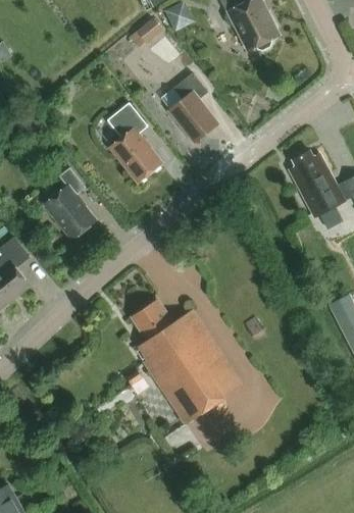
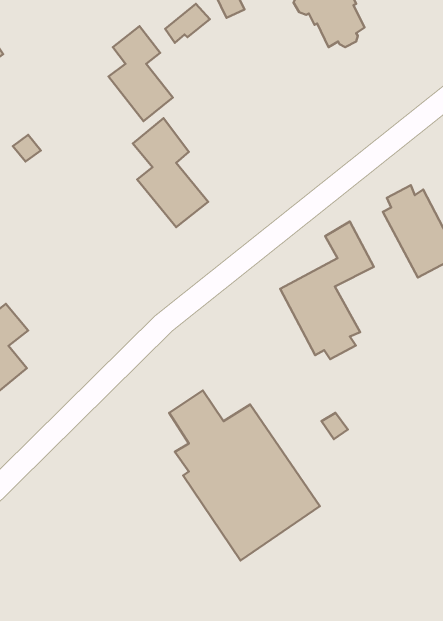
building: [170,71,217,141] -> [109,26,173,121]
building: [45,166,96,239] -> none
building: none -> [280,222,374,359]

